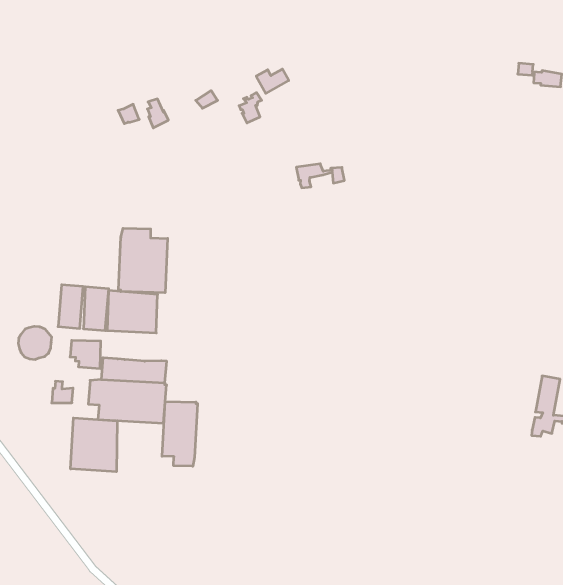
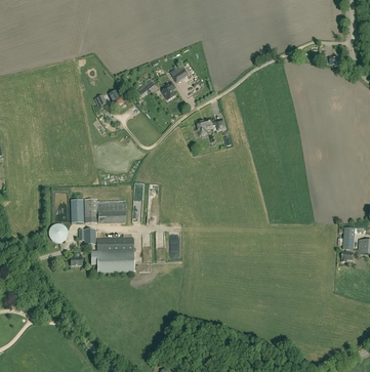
building: [118,228,168,293] -> none
building: [162,401,198,466] -> none
building: [71,418,117,472] -> none

